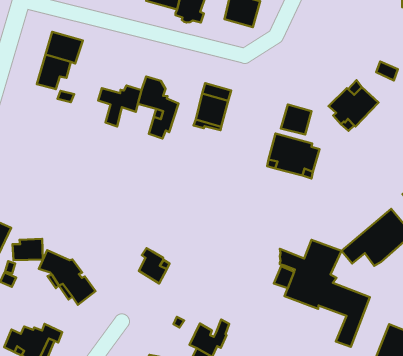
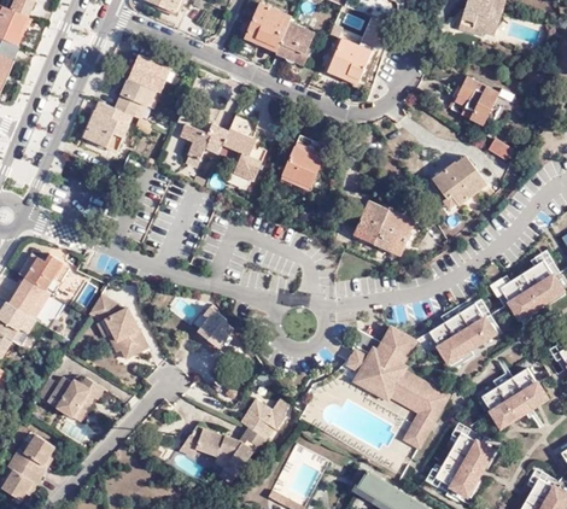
building: none -> [452,77,499,125]
building: none -> [81,104,130,153]
building: [281,105,311,134] -> none

